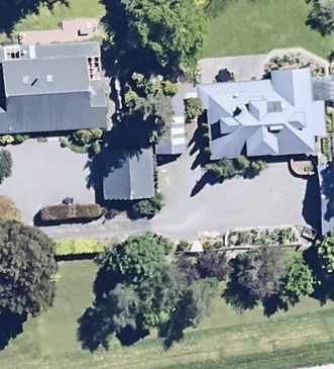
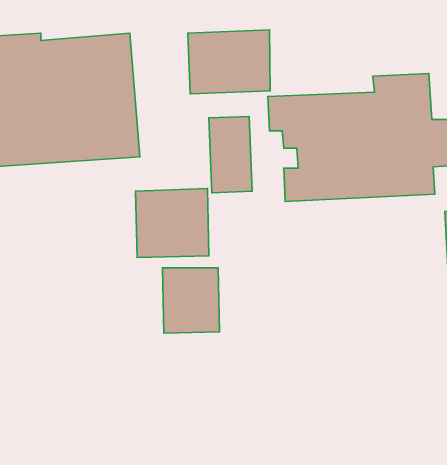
building: none -> [188,30,270,94]
building: none -> [162,268,220,333]

